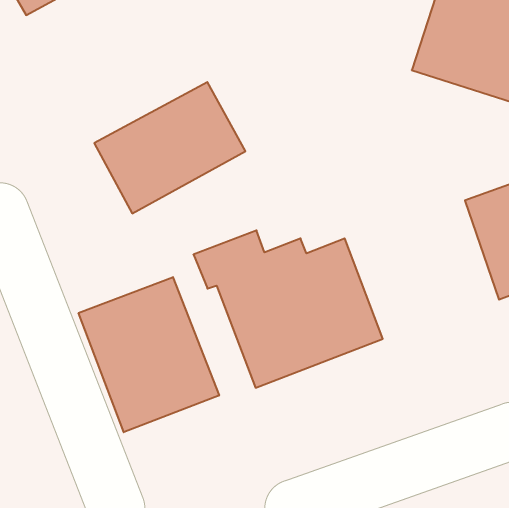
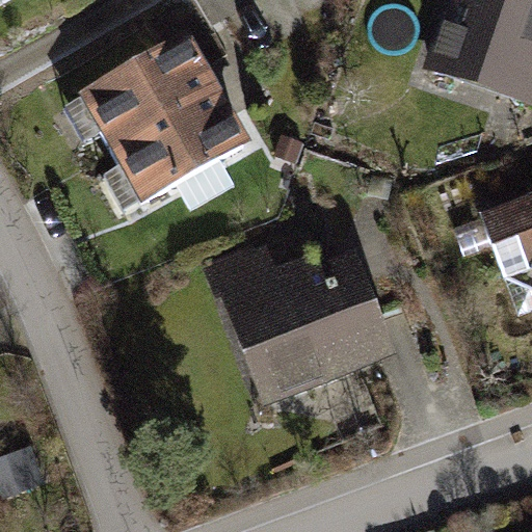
building: none -> [61,14,218,149]
building: [79,277,219,432] -> none

